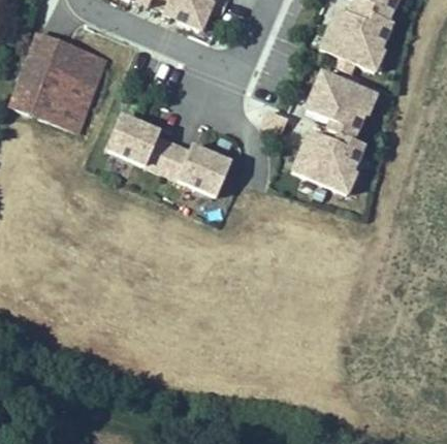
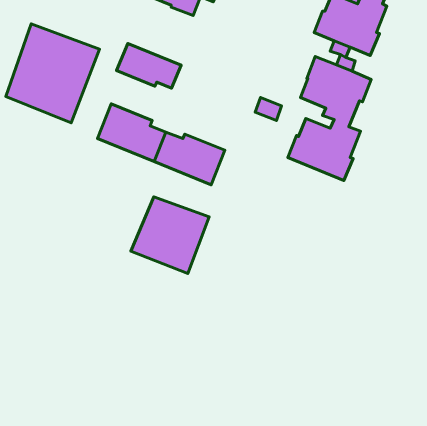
building: none -> [116,44,181,88]
building: none -> [131,197,209,274]

